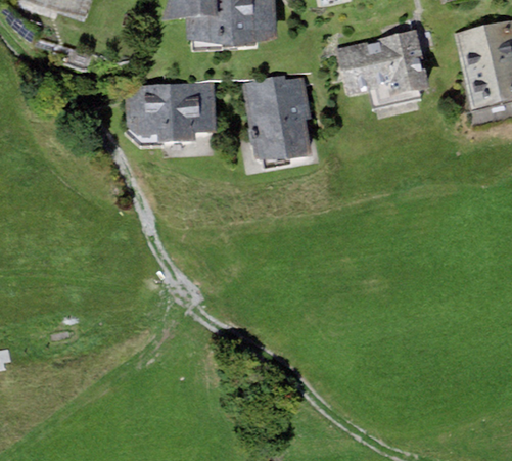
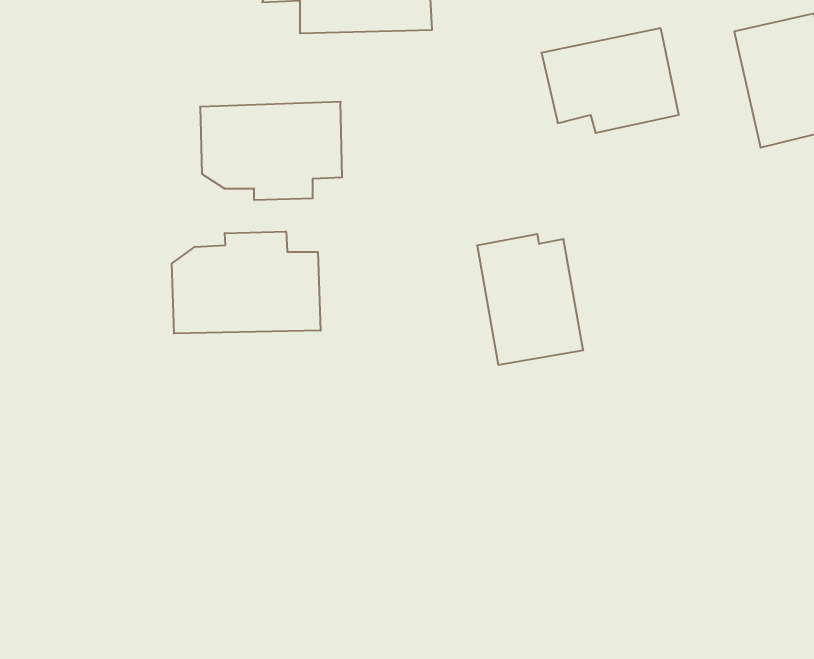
building: [245,79,312,160] -> [477,234,583,365]
building: none -> [172,231,321,334]

